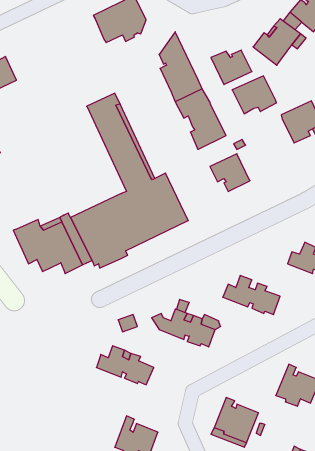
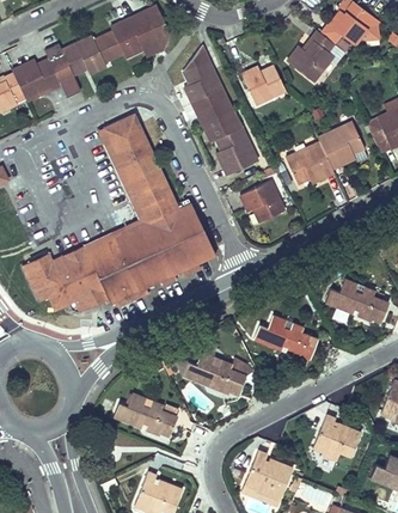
building: none -> [61,31,122,75]
building: none -> [12,59,60,102]
building: [232,76,276,114] -> [284,142,333,184]
building: none -> [82,128,147,251]

